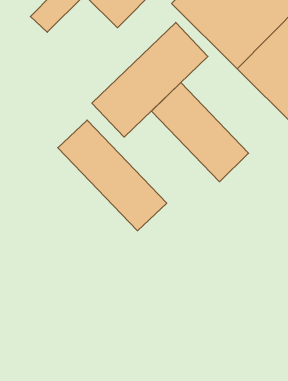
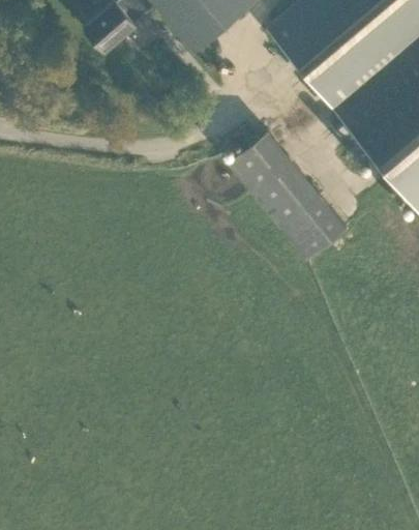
building: [92,22,208,137] -> none
building: [58,120,167,231] -> none

